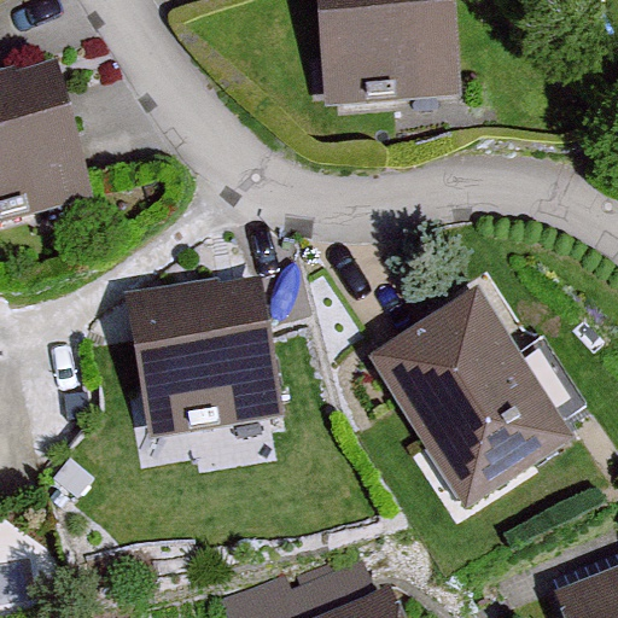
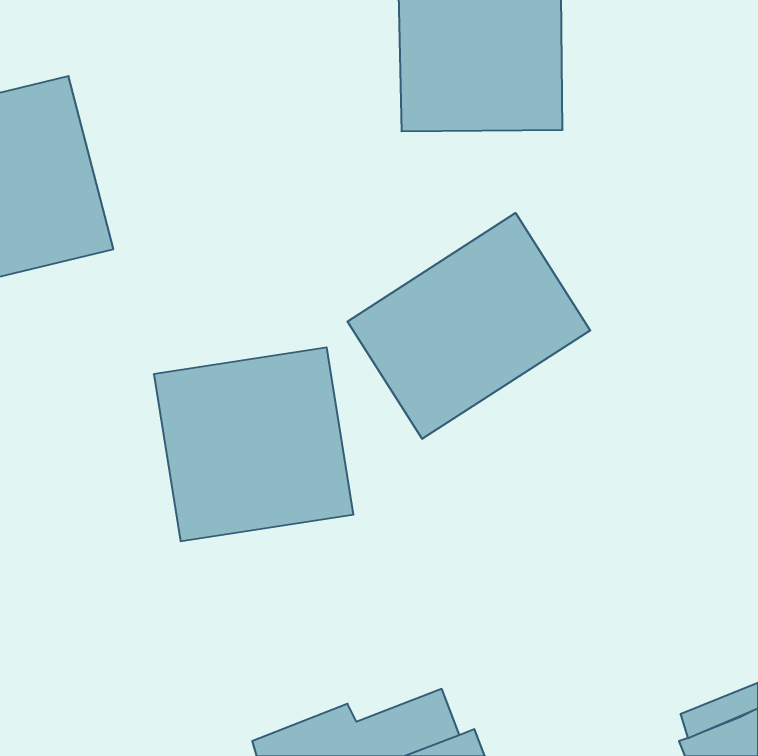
building: none -> [348,213,590,439]
building: [368,286,575,508] -> none

